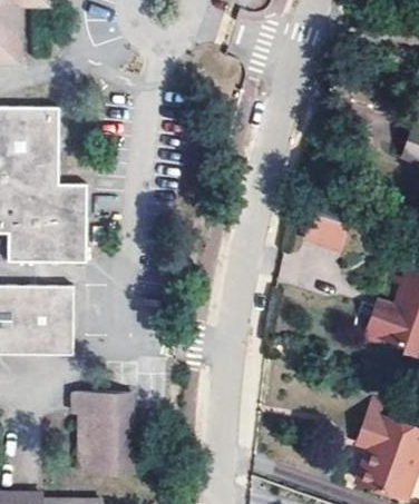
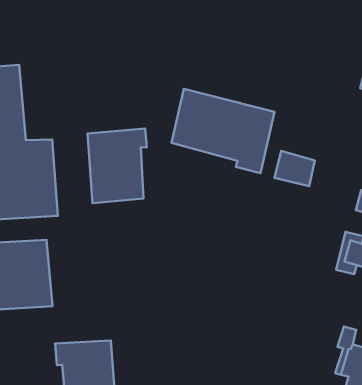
building: none -> [171,89,275,173]
building: none -> [87,128,147,203]

